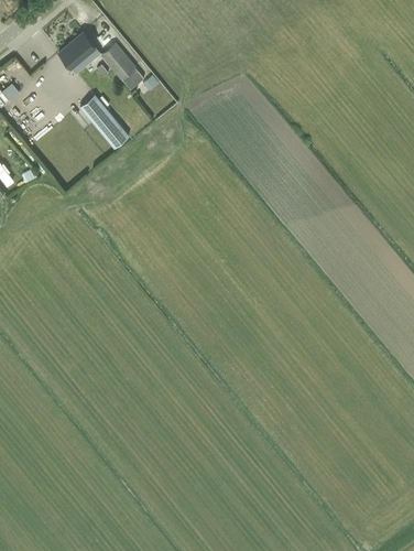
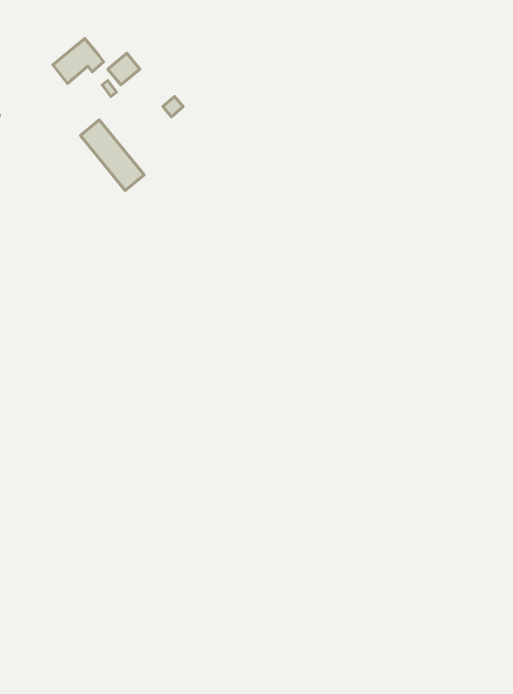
building: [111,56,144,90] -> none

